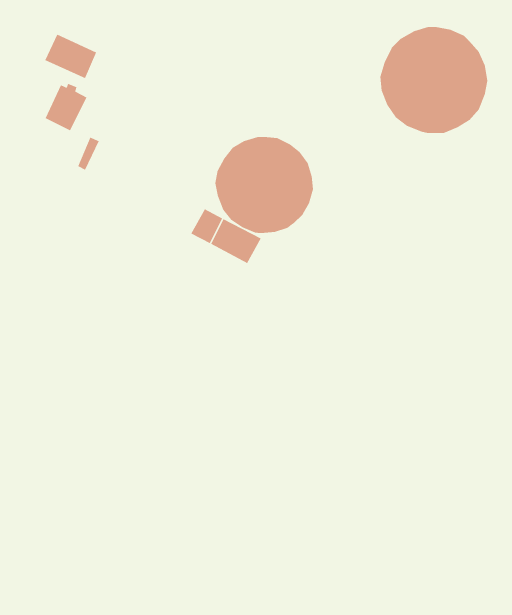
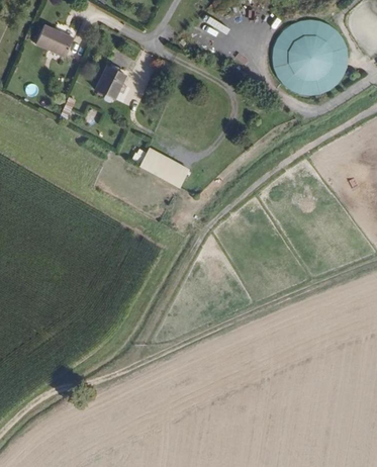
building: [45,83,88,131] -> [95,64,125,98]
building: [214,136,314,234] -> none

